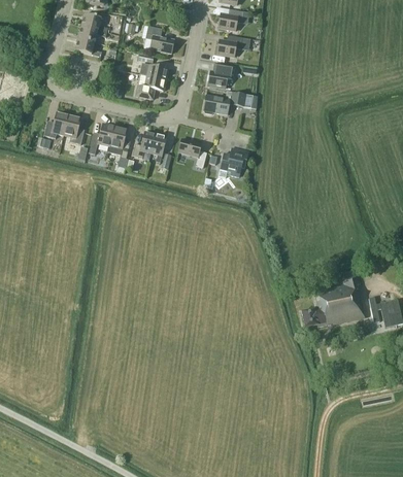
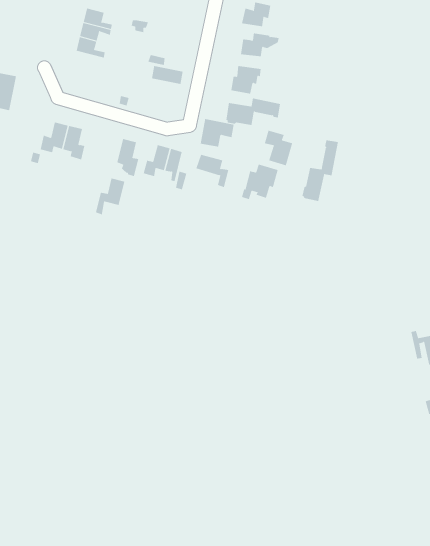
building: [146,26,174,54] -> none
building: [136,74,166,99] -> [200,118,234,147]
building: none -> [264,130,293,166]
building: [90,123,115,155] -> [95,178,125,215]
building: none -> [302,140,338,202]
building: [301,273,363,327] -> none

